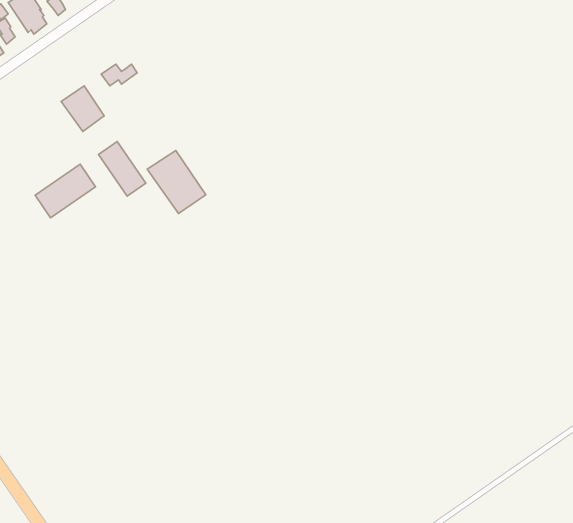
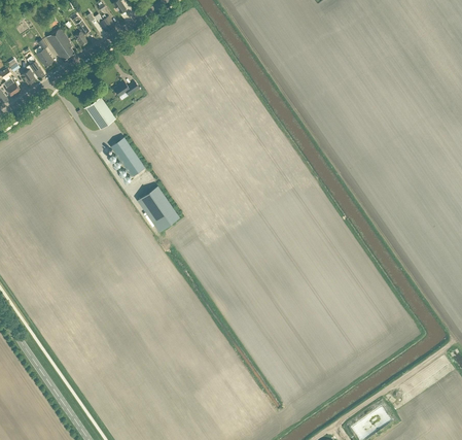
building: [147,150,206,214] -> [138,185,180,231]
building: [35,164,96,218] -> none

